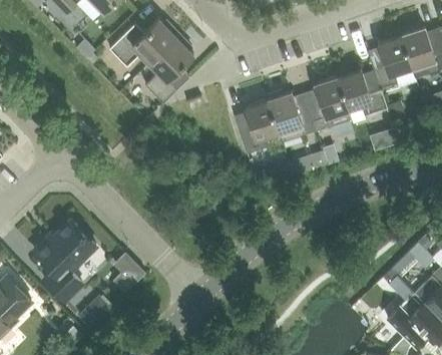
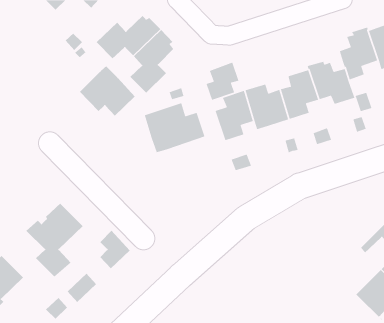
building: none -> [206,61,239,101]
building: none -> [79,66,136,117]
building: none -> [144,102,206,153]

